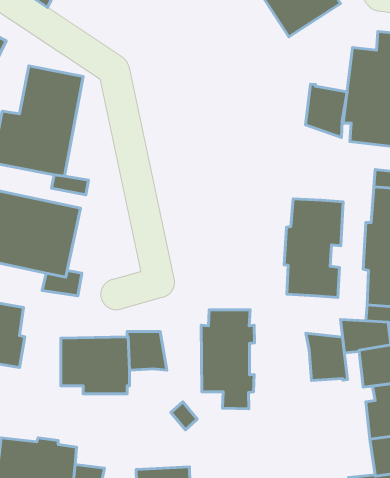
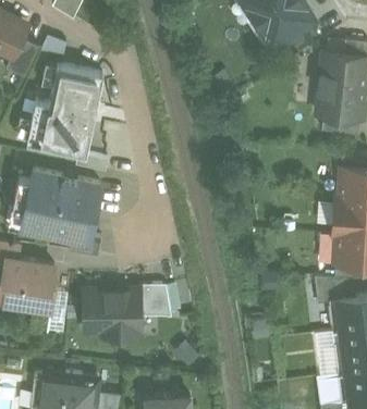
building: [306,84,347,138] -> none
building: [284,199,343,297] -> none
building: [201,310,254,409] -> none
building: [306,333,348,380] -> none

